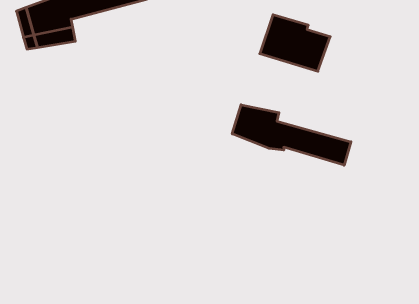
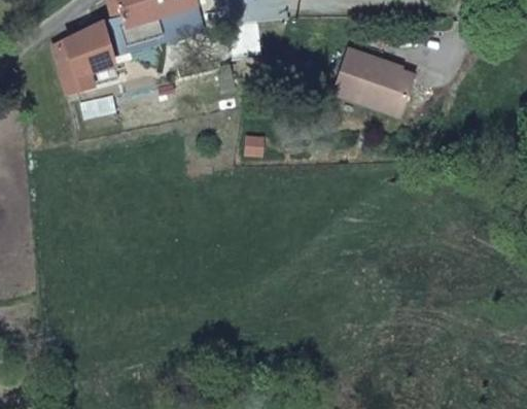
building: [232,105,351,165] -> none

